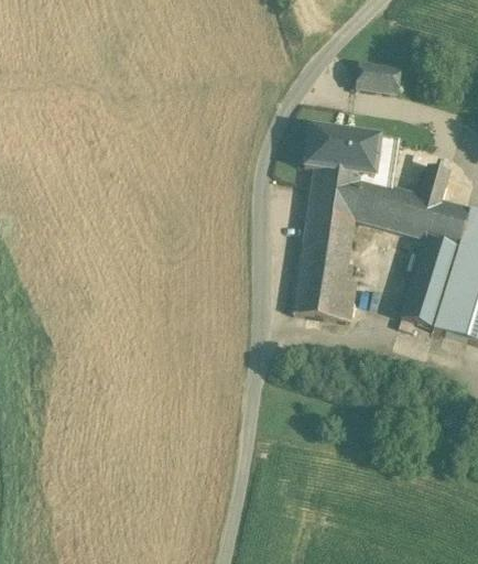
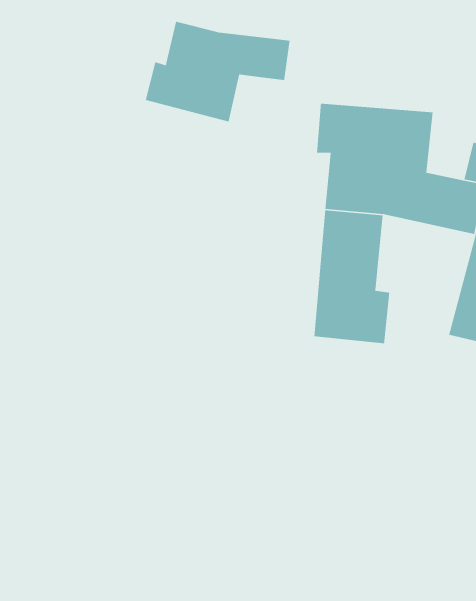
building: none -> [145,21,291,122]
building: [357,62,402,93] -> none

